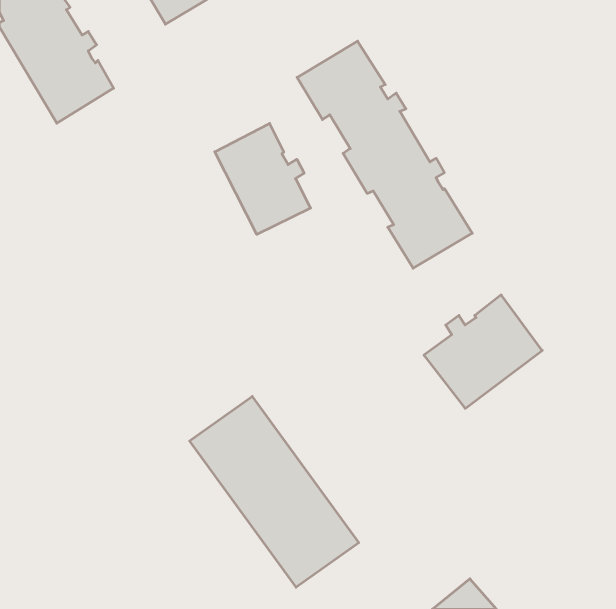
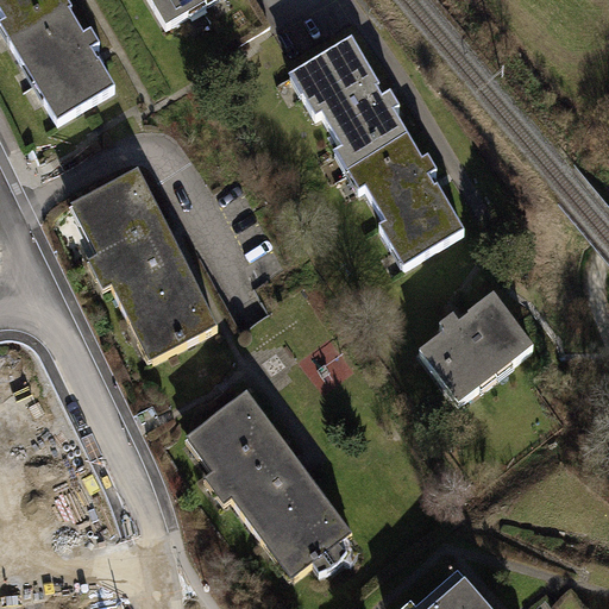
building: [215,123,311,234] -> none
building: none -> [69,168,216,359]

